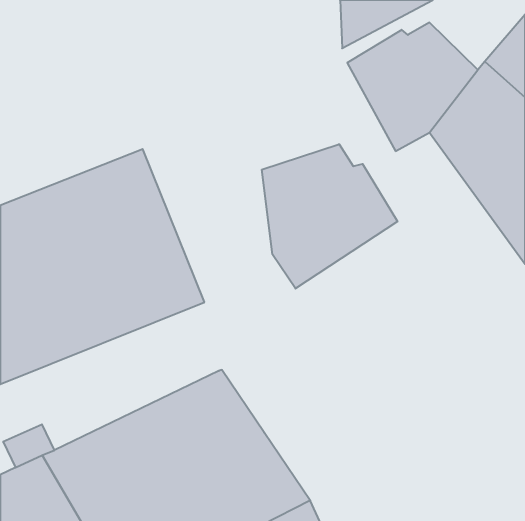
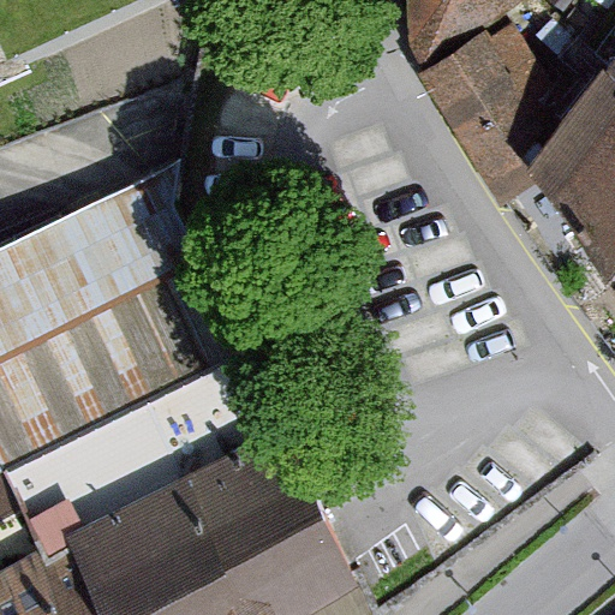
building: [262,144,397,289] -> none

